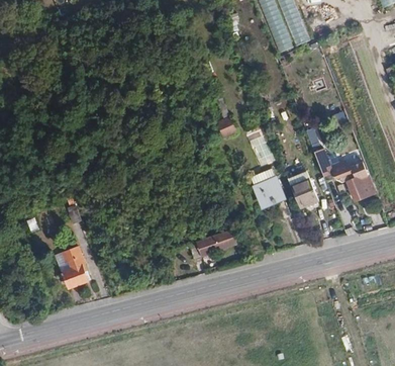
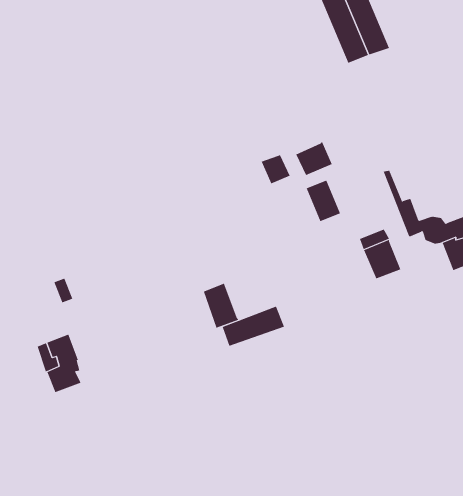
building: none -> [296,141,332,176]
building: [250,167,283,203] -> none
building: none -> [203,283,239,328]

